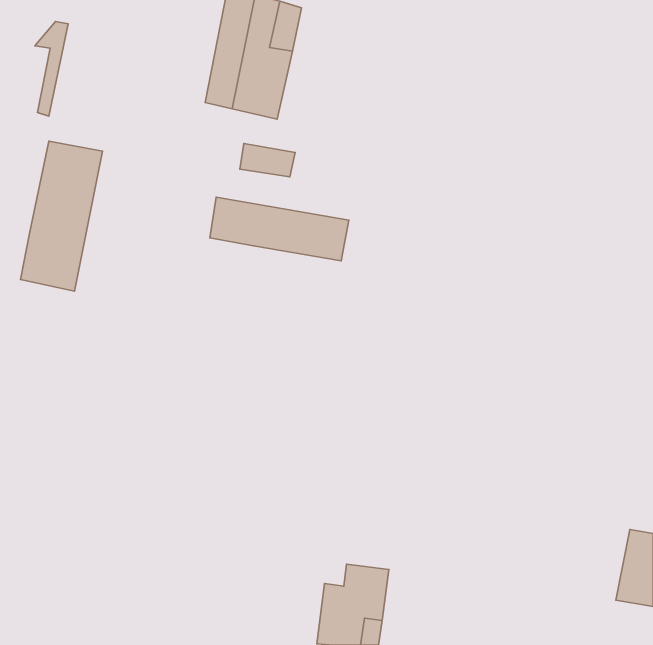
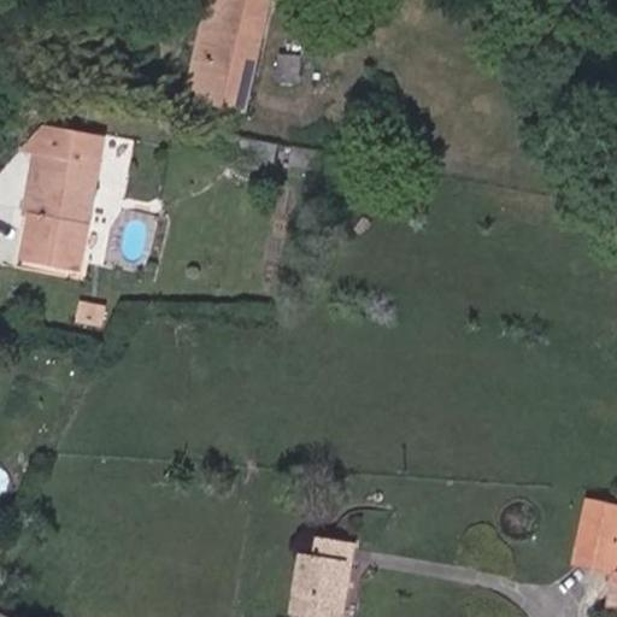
building: [35,21,68,116] -> [14,130,46,219]
building: [210,197,349,261] -> none

